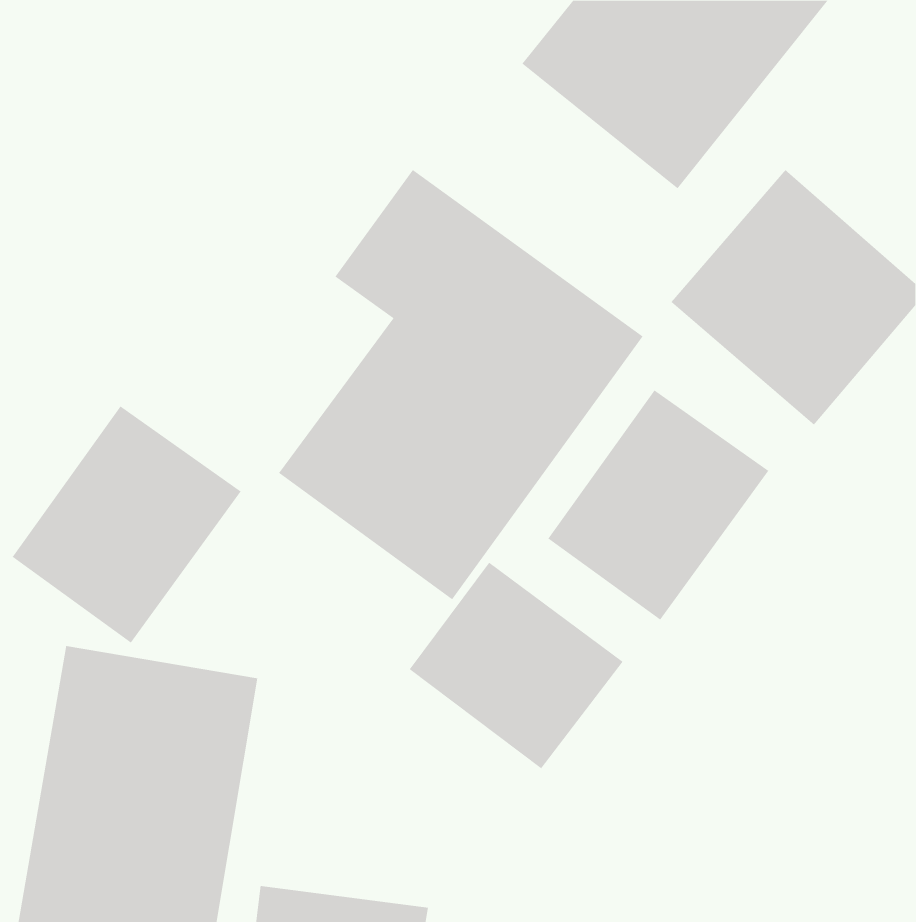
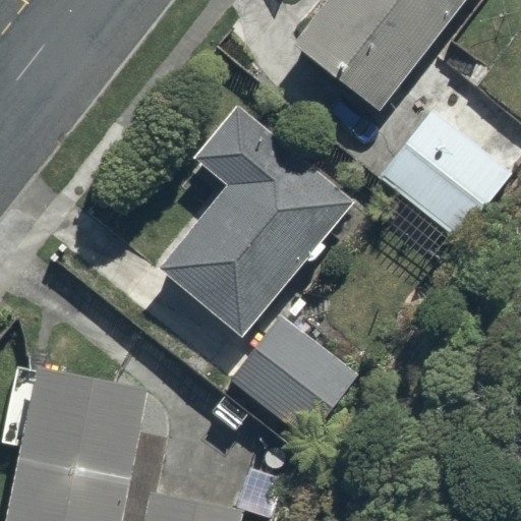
building: [547,390,769,621] -> none
building: [12,405,242,643] -> none

